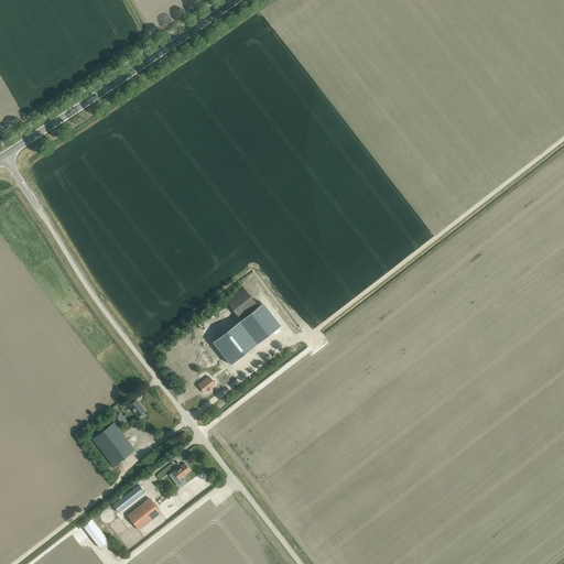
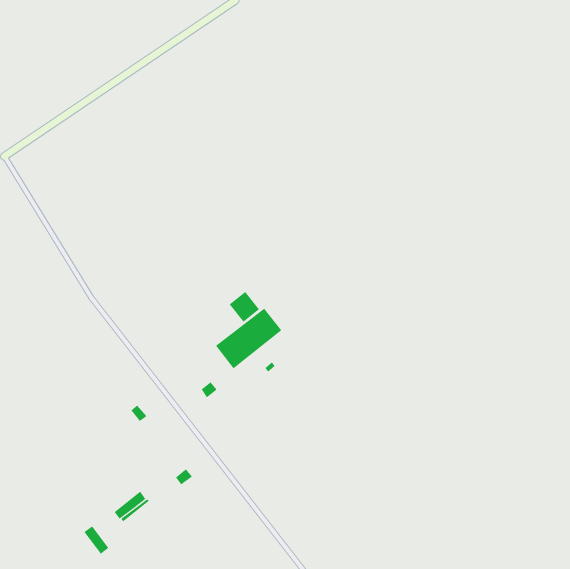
building: [93,424,134,467] -> none
building: [127,499,161,531] -> none

